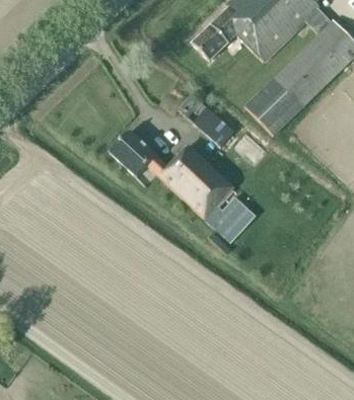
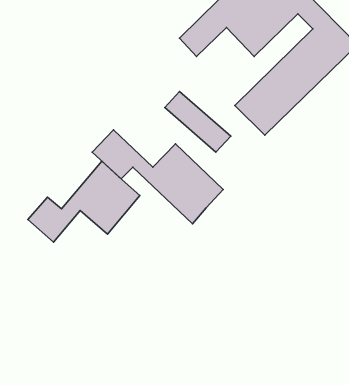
building: none -> [28,161,140,242]
building: [204,196,256,243] -> none

